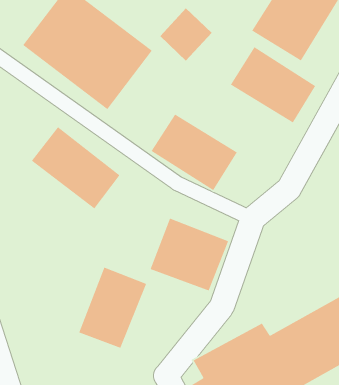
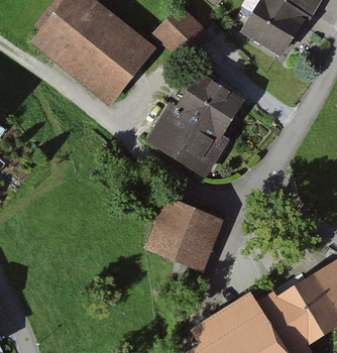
building: [230,46,316,123] -> [174,69,252,139]
building: [31,126,120,209] -> none
building: [78,266,147,349] -> none

